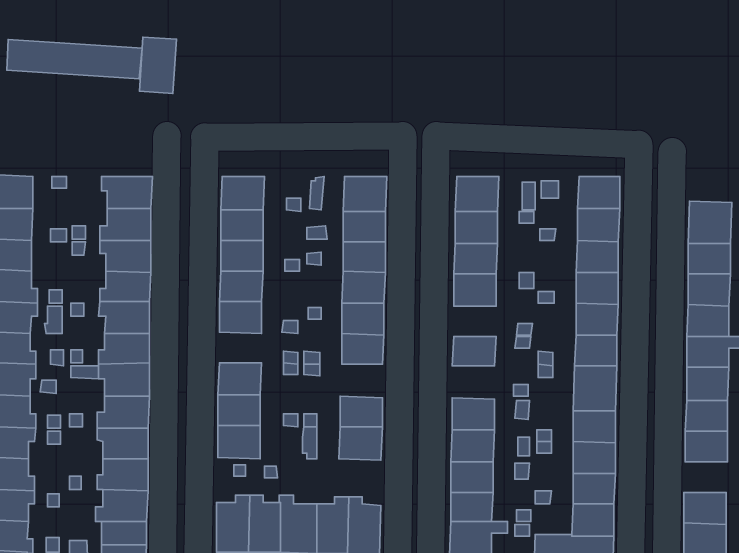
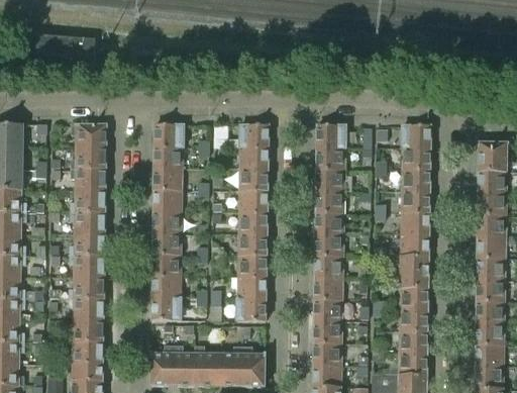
building: [139,37,176,93] -> none
building: none -> [315,215,344,236]
building: none -> [152,233,182,255]
building: none -> [236,256,266,279]
building: none -> [314,257,343,280]
building: none -> [475,323,505,345]

